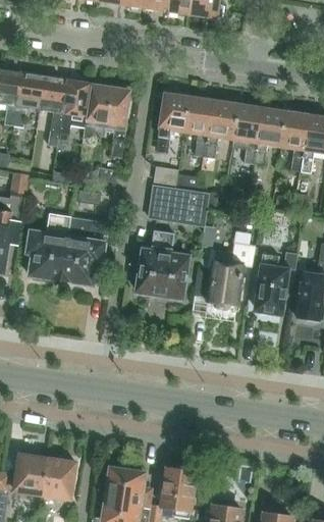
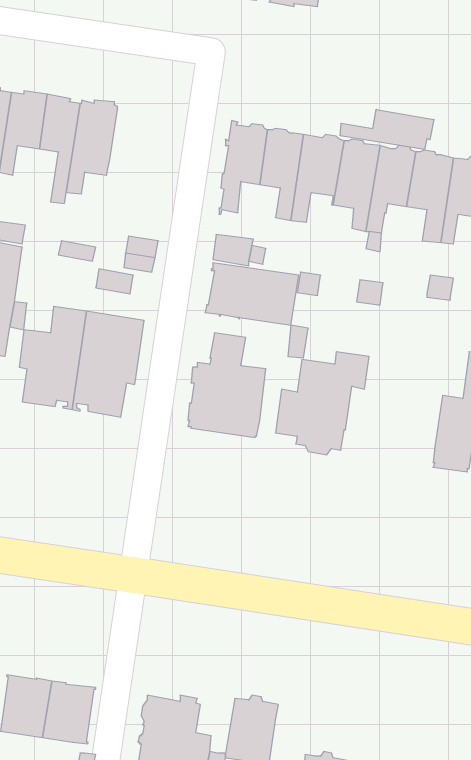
building: [83,82,130,158] -> none
building: none -> [340,109,434,150]
building: [256,252,296,313] -> none

